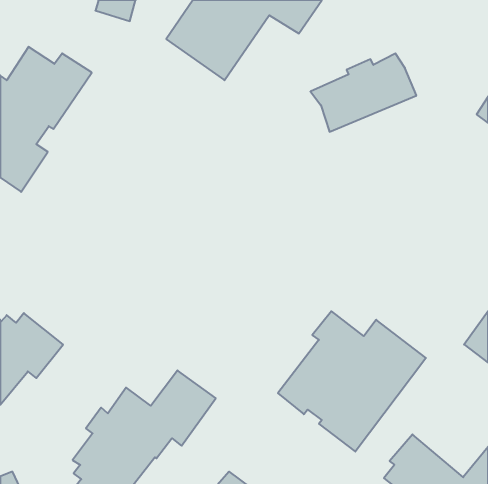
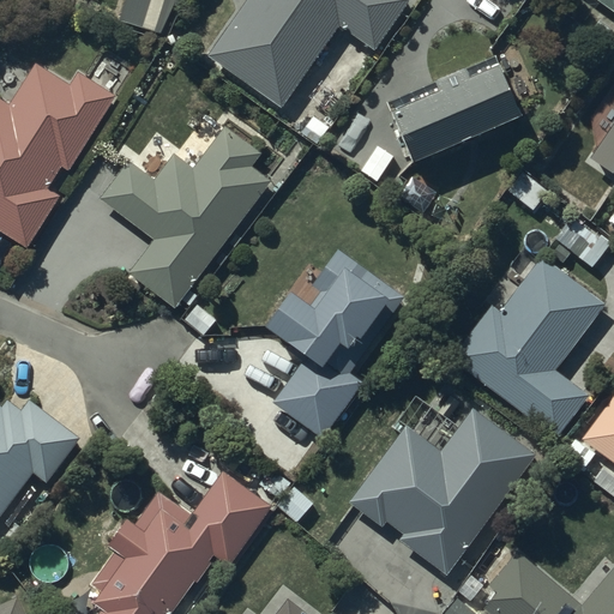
building: none -> [101,126,269,307]
building: none -> [265,249,403,437]
building: none -> [452,257,604,437]

